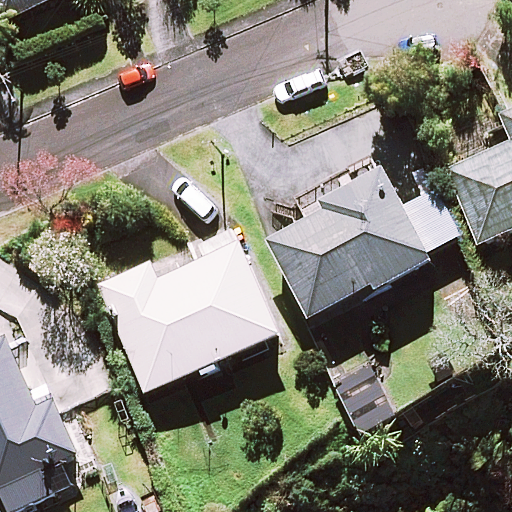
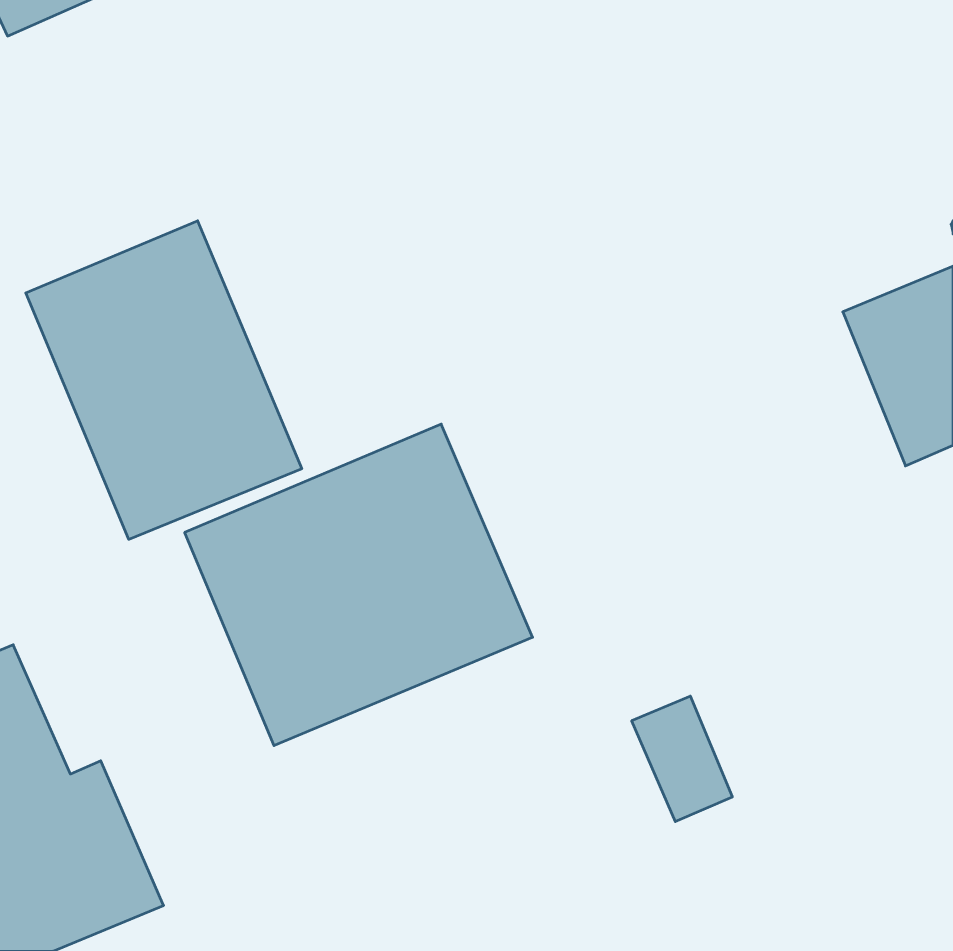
building: none -> [26,221,302,539]
building: [270,172,432,323] -> none

